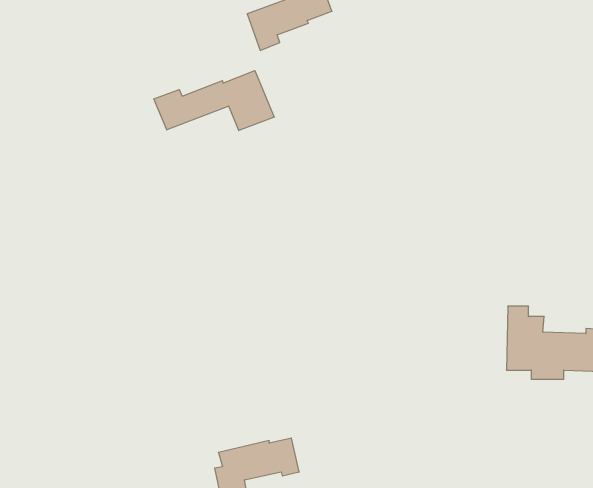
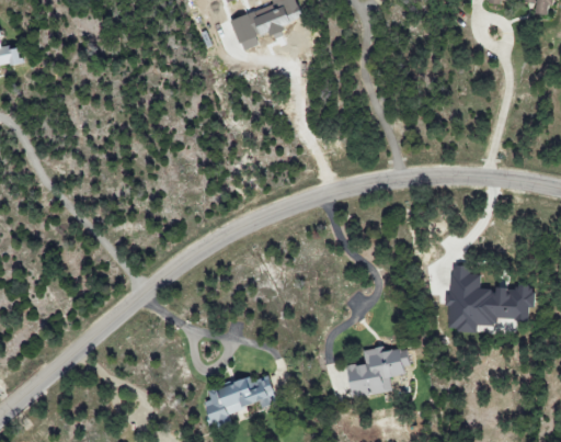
building: [154,71,274,131] -> none
building: none -> [346,347,409,397]

